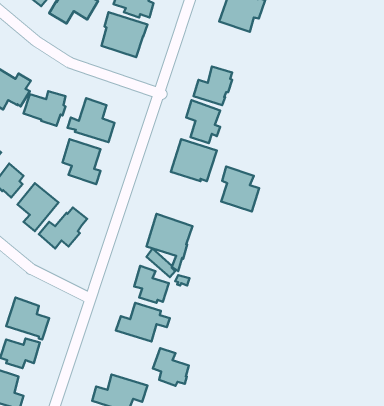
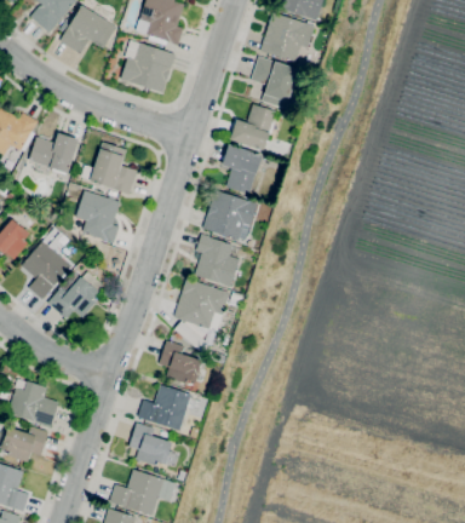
building: none -> [251,56,298,109]
building: [221,167,259,212] -> [195,234,240,287]
building: [153,348,189,386] -> [130,421,172,466]

